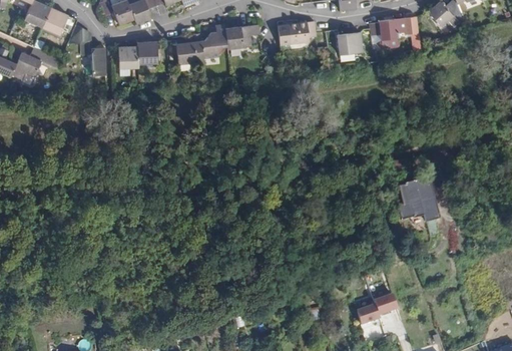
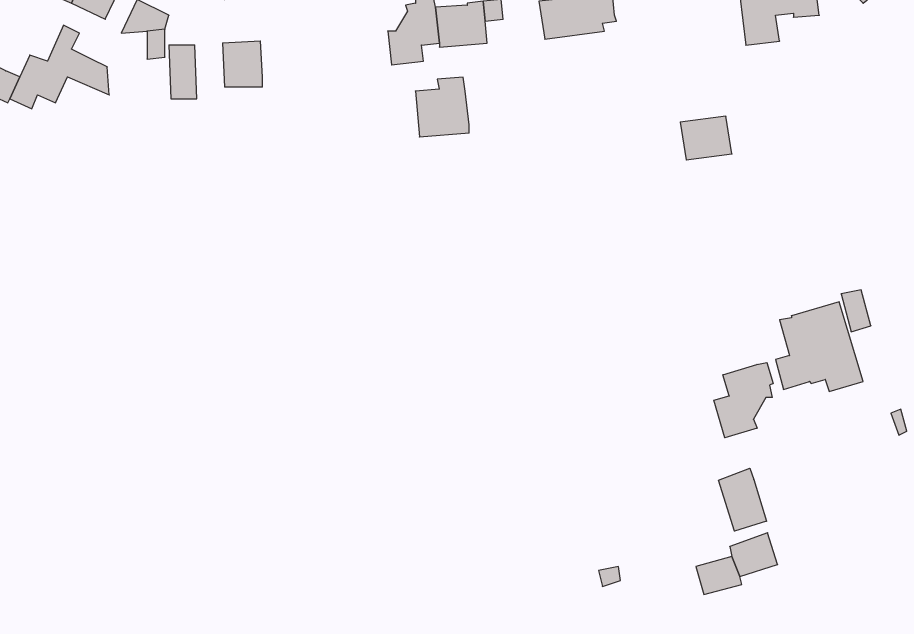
building: [337,32,363,54] -> [680,116,732,160]
building: [176,33,203,63] -> [415,77,469,137]
building: [137,41,157,63] -> none
building: none -> [714,363,773,438]
building: none -> [718,468,767,531]

